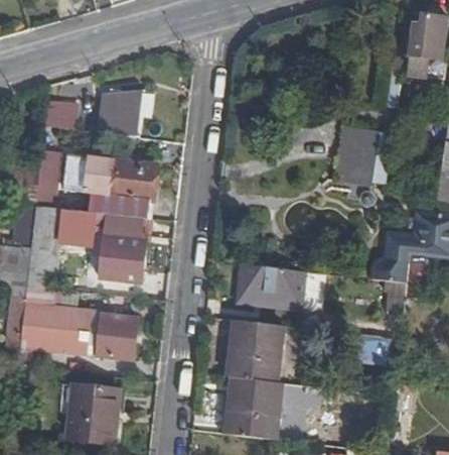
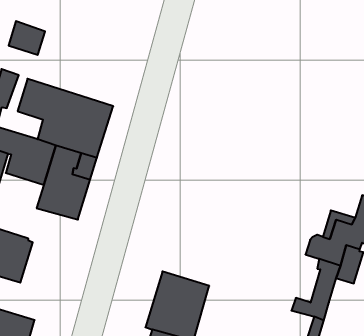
building: [99,89,138,136] -> none
building: [331,125,382,202] -> none
building: [238,264,304,309] -> none
building: [97,314,138,359] -> none

